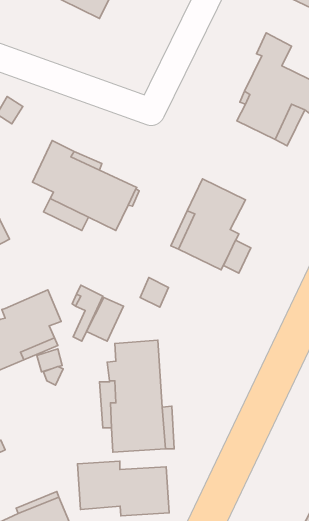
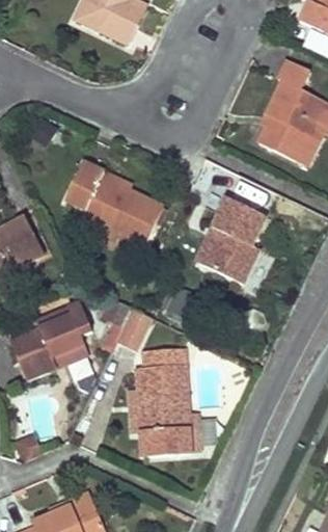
building: [77,461,169,516] -> none

